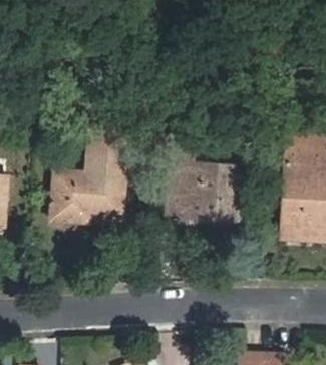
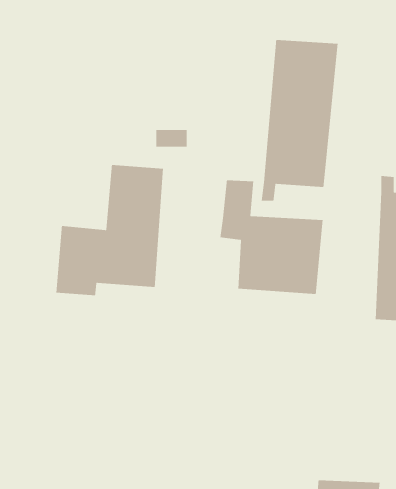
building: none -> [261,39,338,201]

